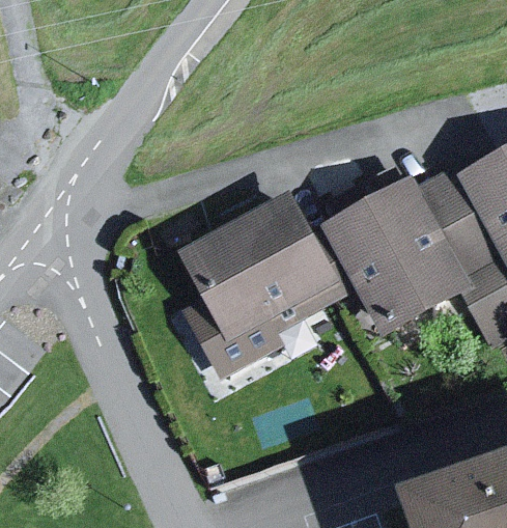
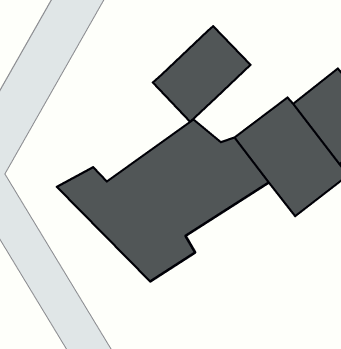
building: none -> [153,26,250,122]

